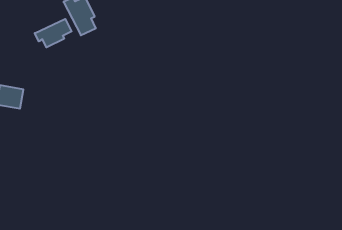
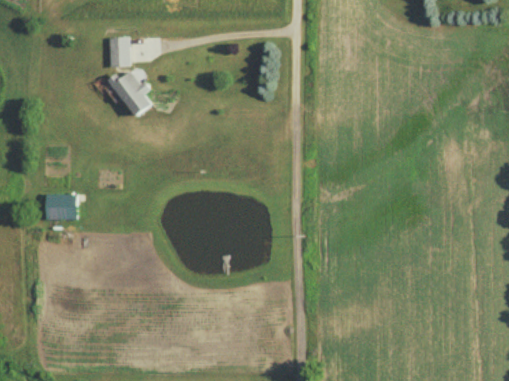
building: [35,19,72,47] -> none

